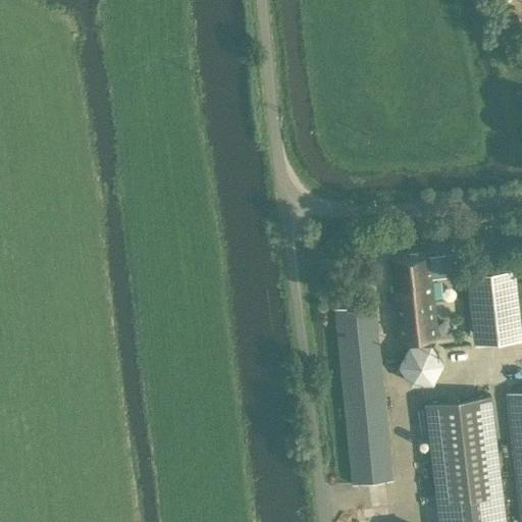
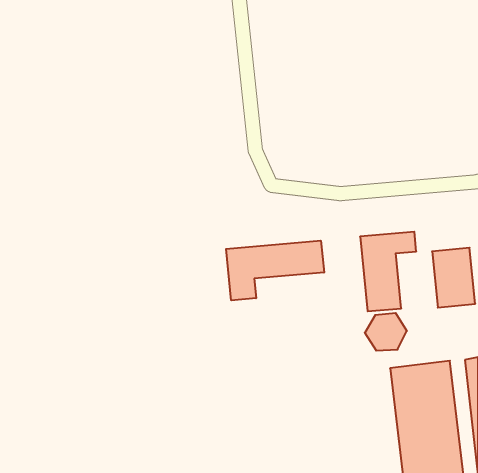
building: none -> [226,241,324,300]
building: [337,310,396,489] -> none

